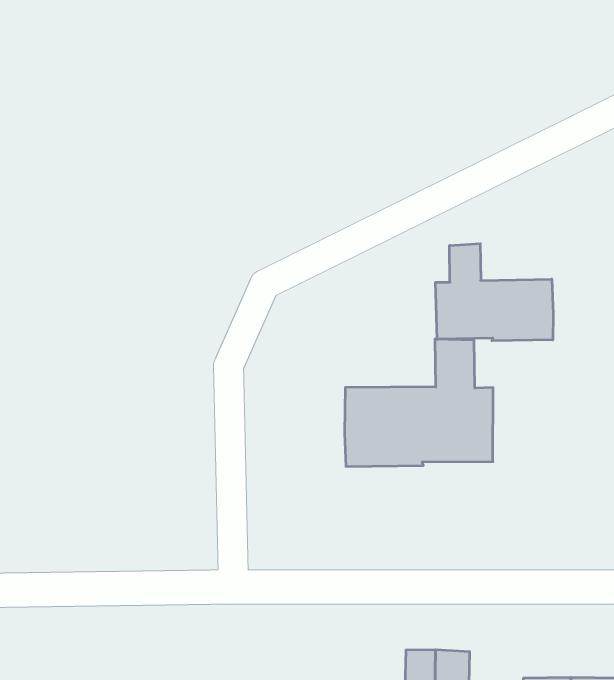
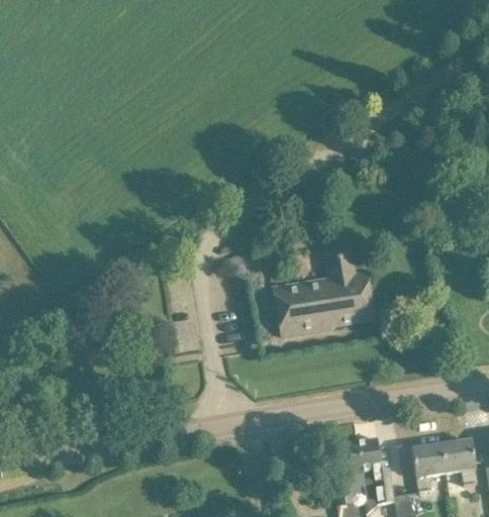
building: [436,244,553,341] -> none

